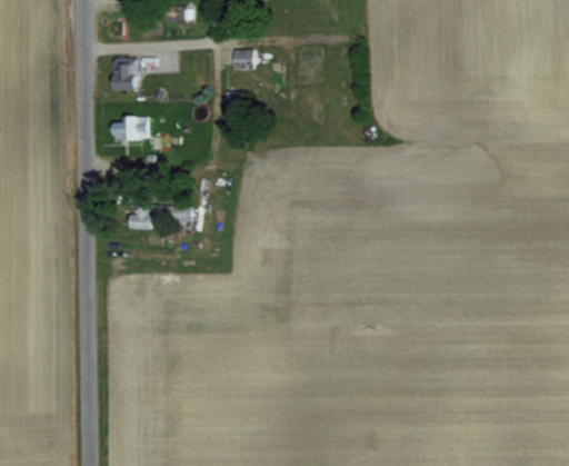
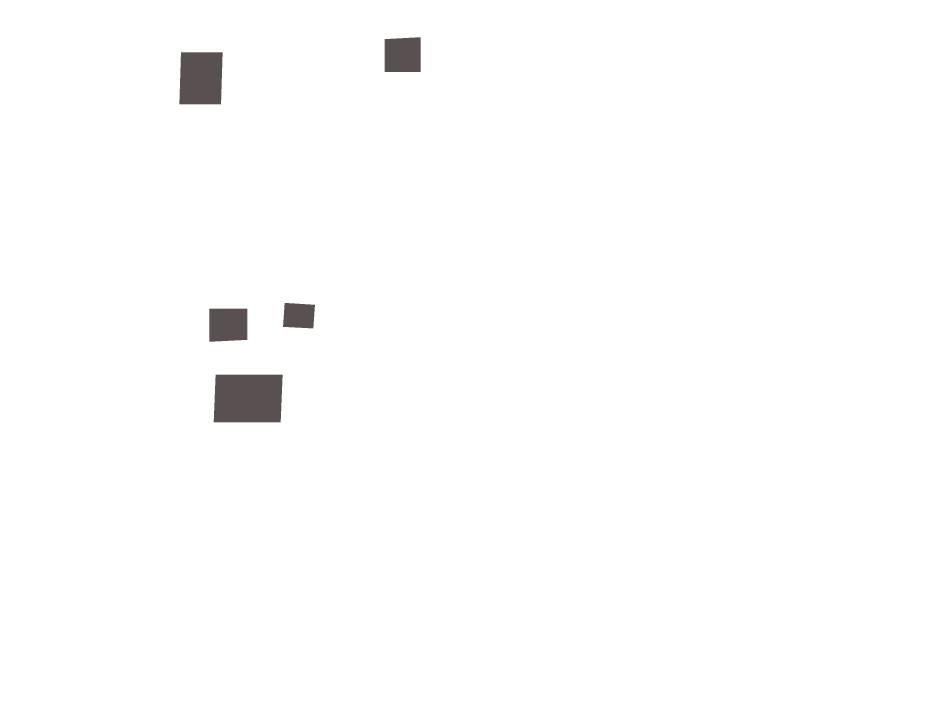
building: [110,117,150,139] -> none
building: none -> [213,374,283,423]

